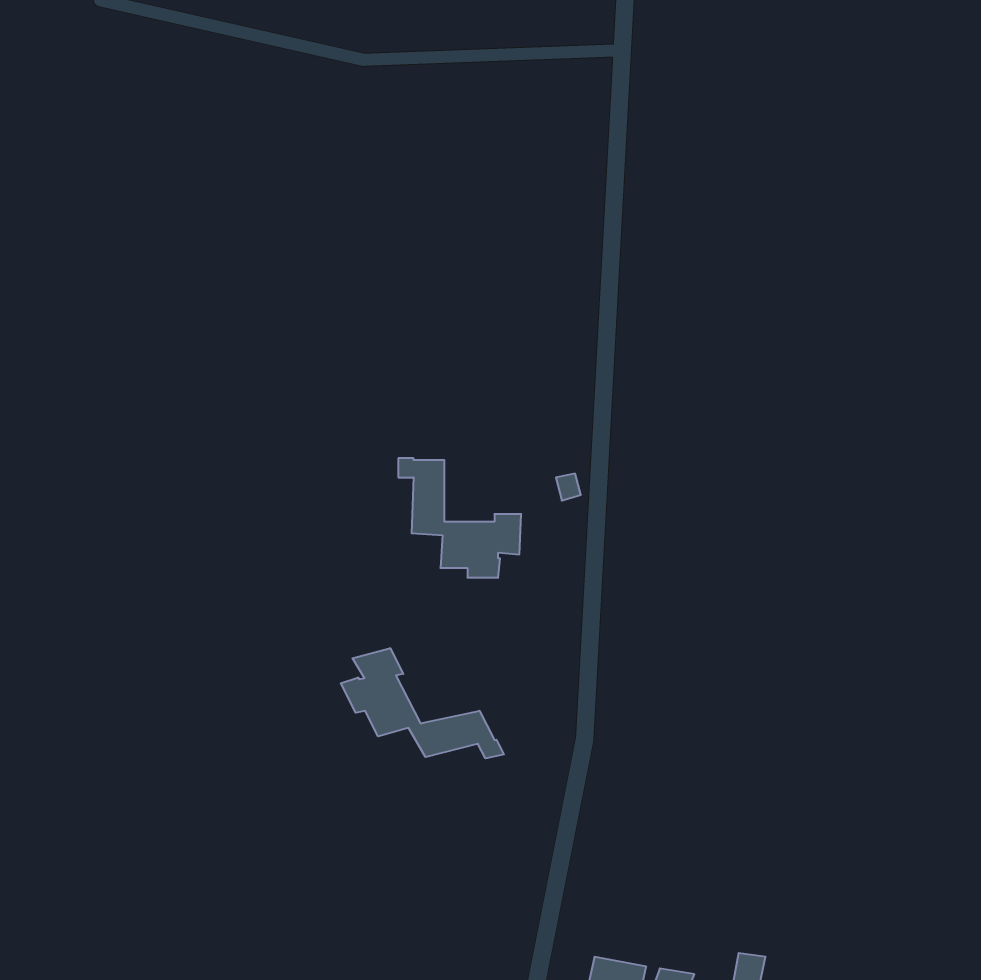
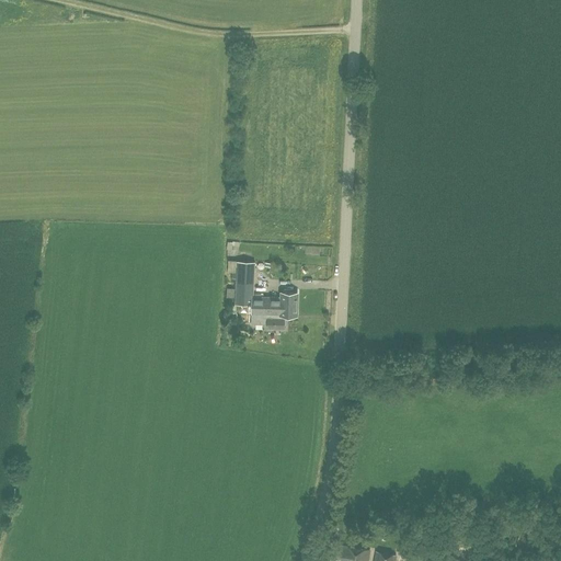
building: [341,648,504,758] -> none

